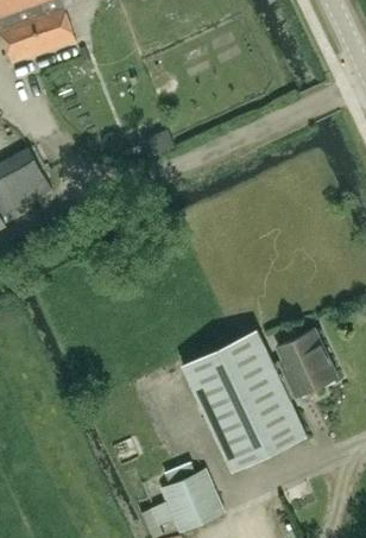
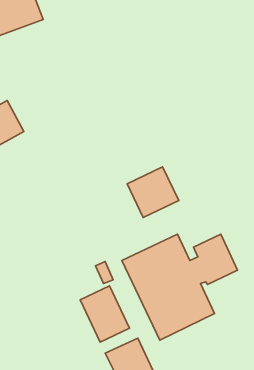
building: none -> [127,167,179,218]
building: none -> [80,286,129,342]

